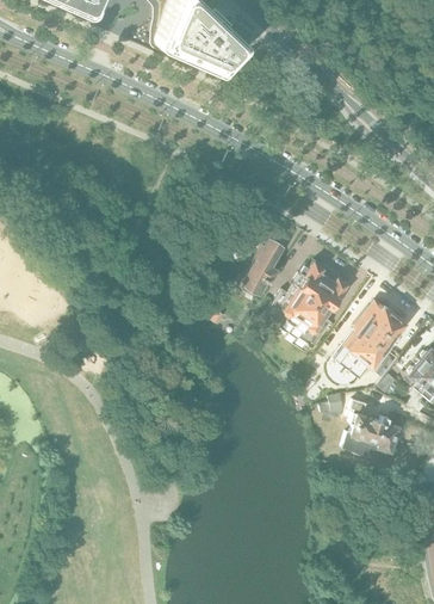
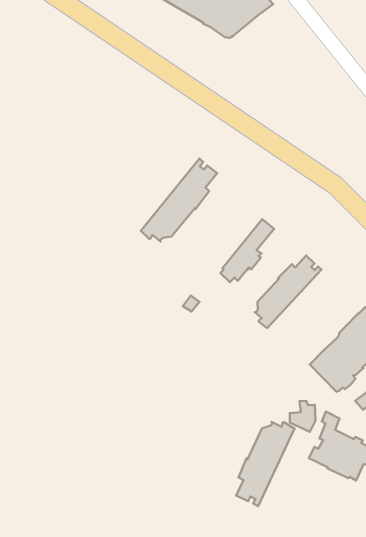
building: none -> [141,159,217,242]
building: [290,271,348,339] -> none
building: none -> [236,422,295,506]

